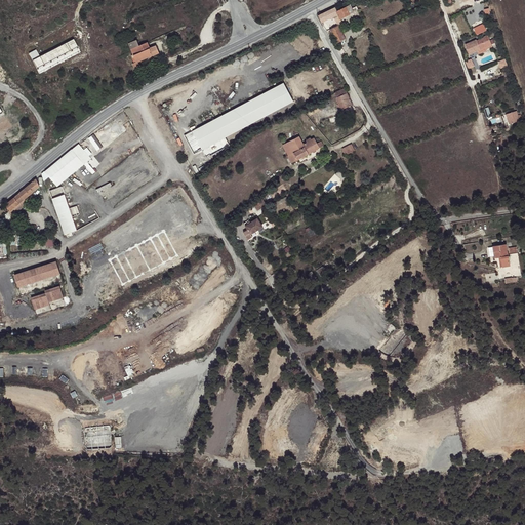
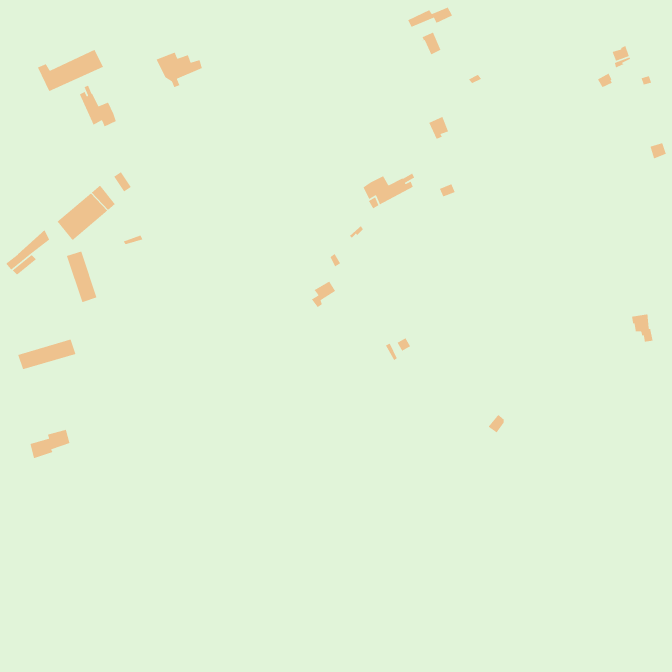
building: none -> [79,84,117,128]
building: [191,83,292,147] -> none
building: [31,288,63,312] -> [30,429,70,459]

